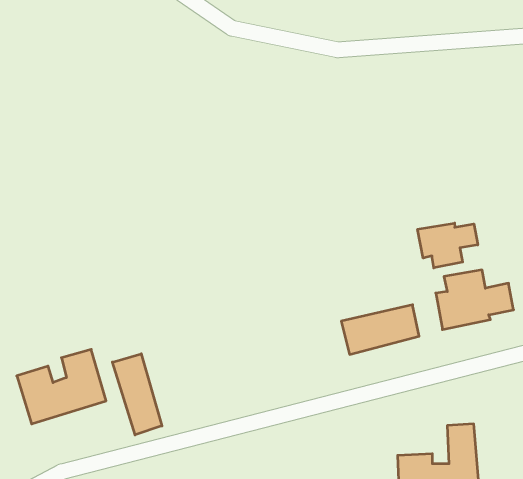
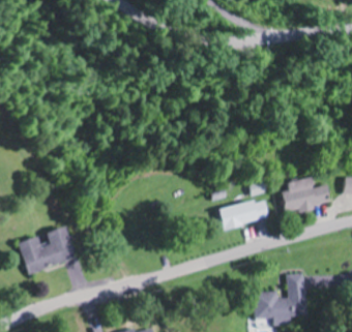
building: [418,223,478,268] -> none
building: [112,354,162,435] -> none

